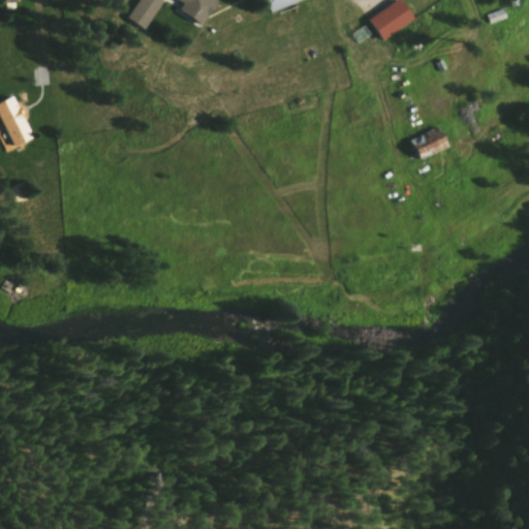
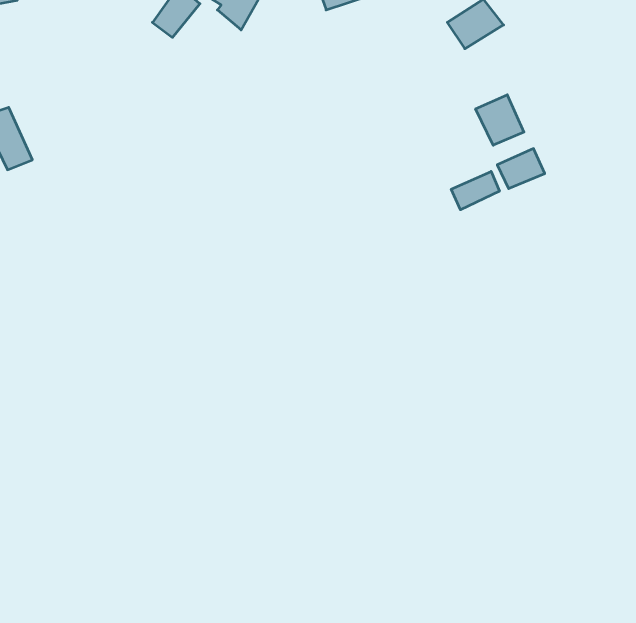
building: none -> [476,95,524,145]
building: none -> [451,171,499,210]

